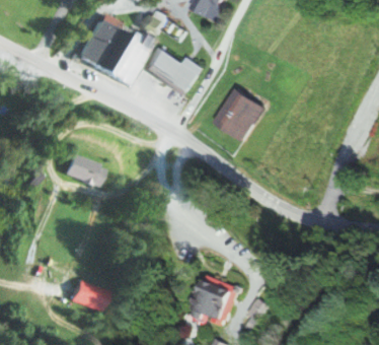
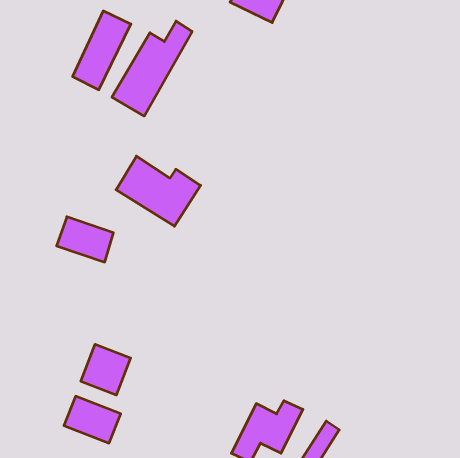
building: [144,47,203,95] -> [116,156,201,226]
building: [214,86,266,140] -> none
building: none -> [81,344,131,395]

